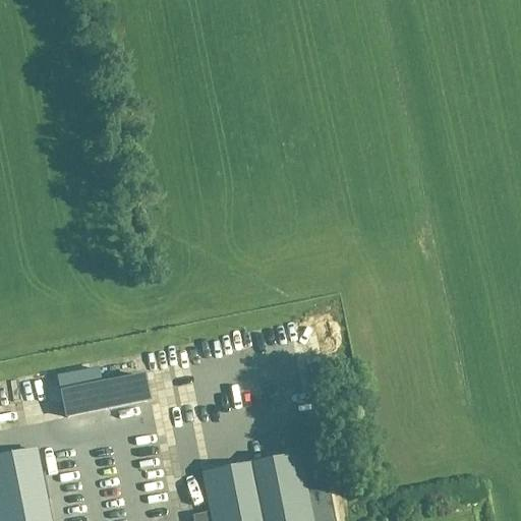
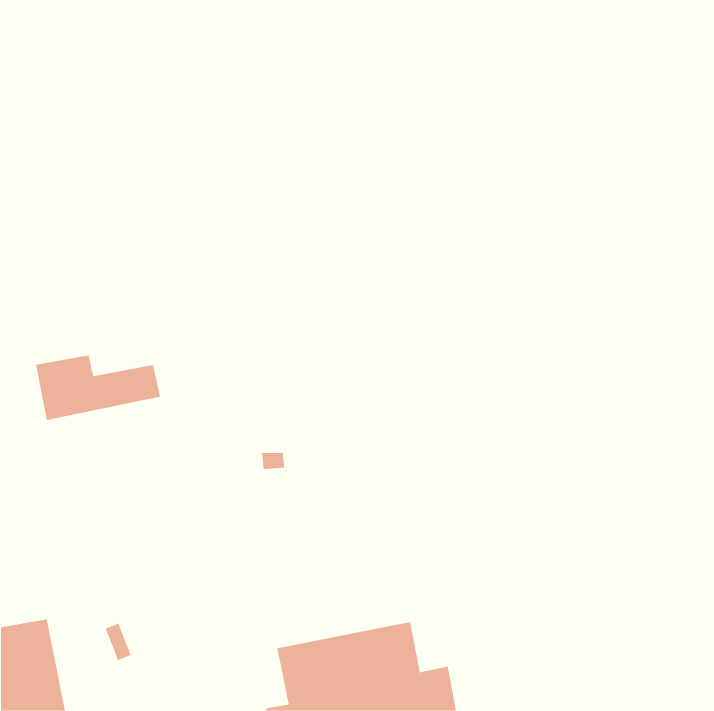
building: [57,370,149,418] -> [35,355,161,420]

